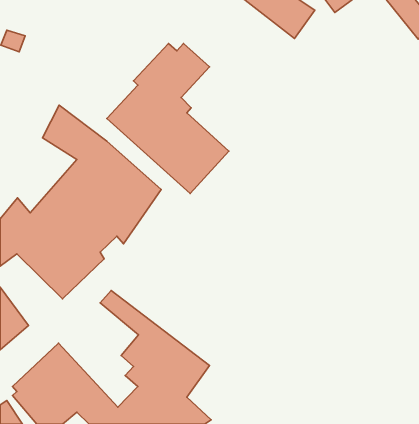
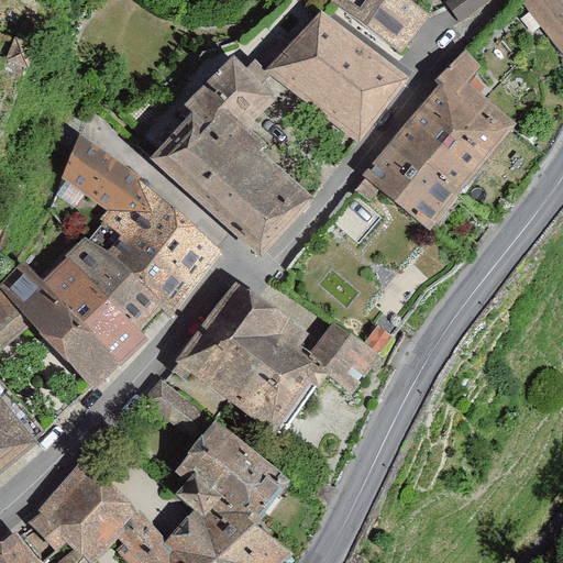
building: none -> [267,5,405,137]
building: none -> [357,47,512,232]
building: none -> [180,286,375,431]

